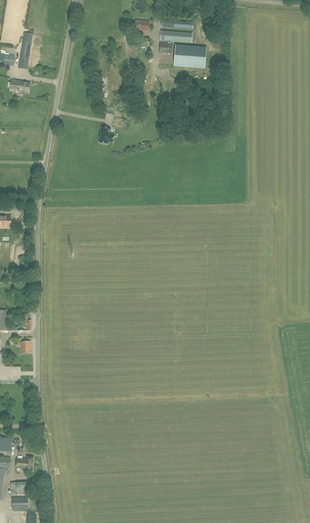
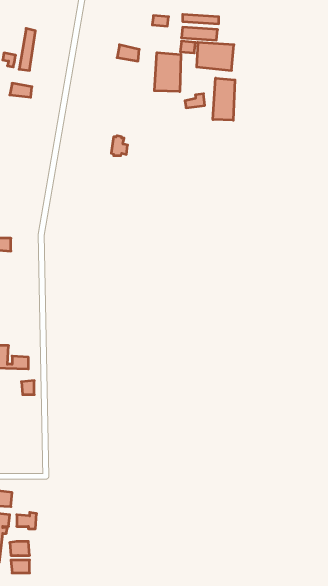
building: none -> [154,53,181,92]
building: none -> [213,78,235,120]

